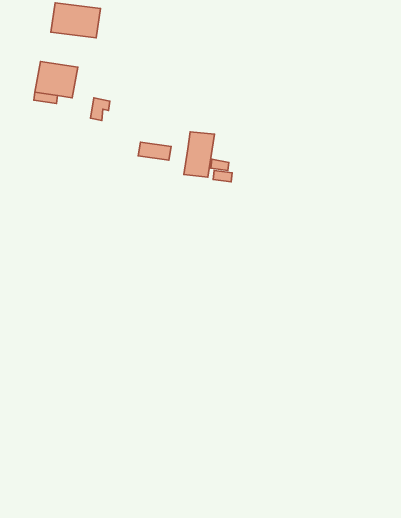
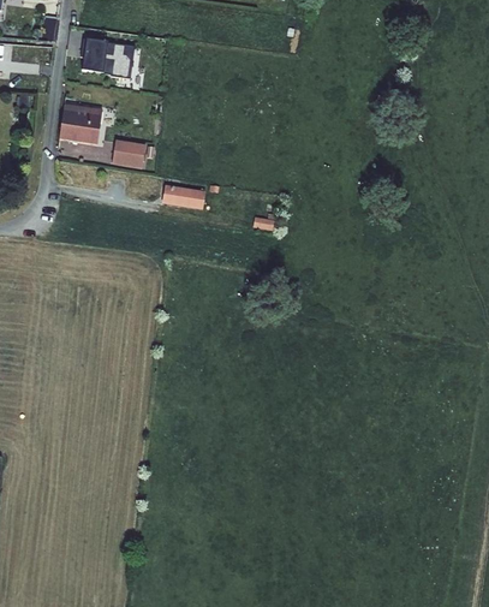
building: [184,132,214,177] -> none

